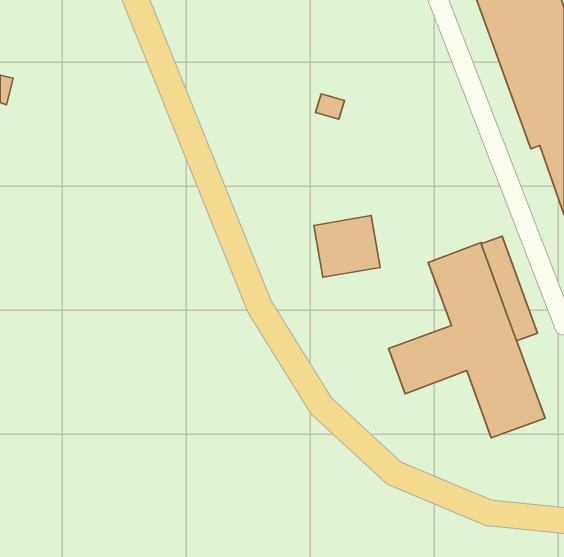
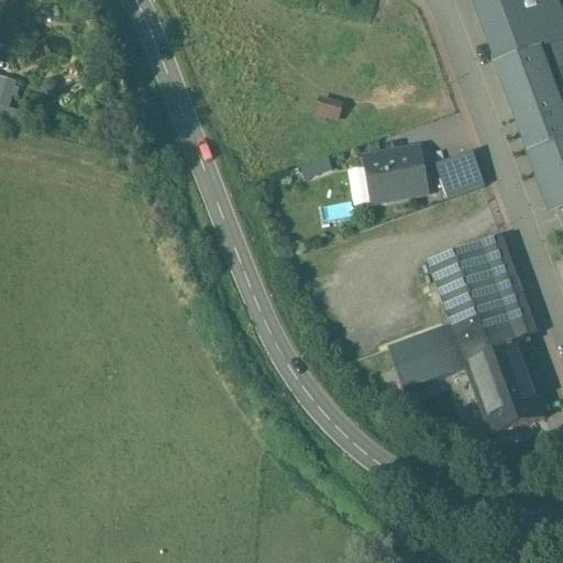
building: none -> [437,148,485,197]
building: [314,216,380,277] -> [363,143,429,205]

